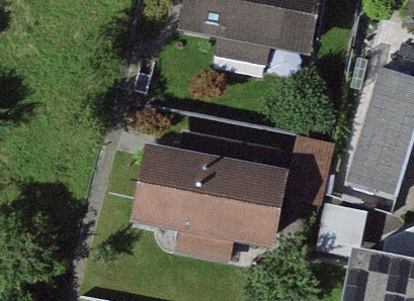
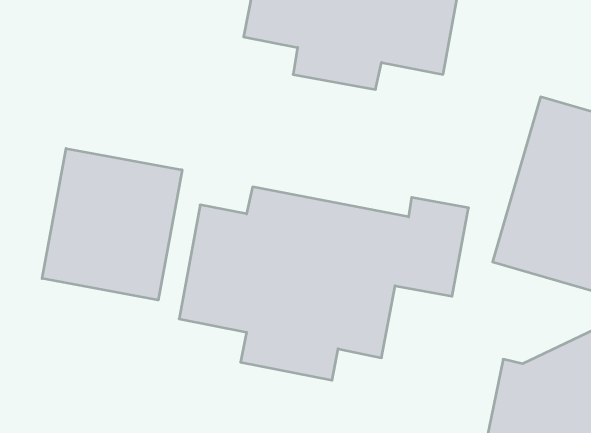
building: none -> [42,148,182,300]

